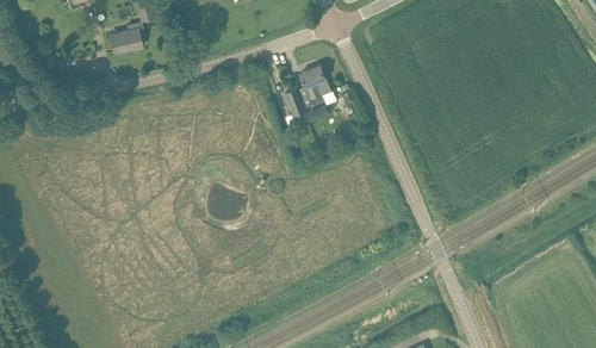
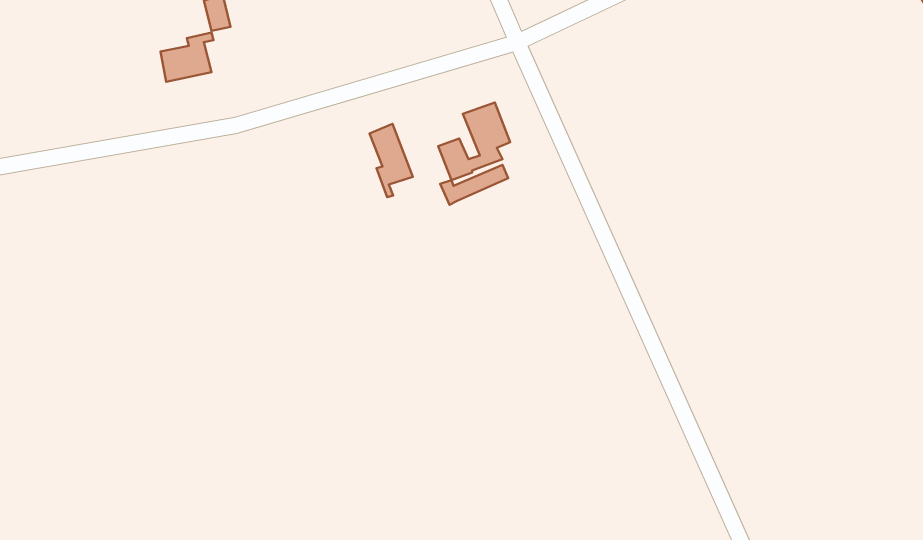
building: none -> [370,124,413,197]

